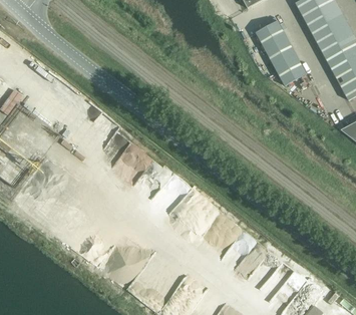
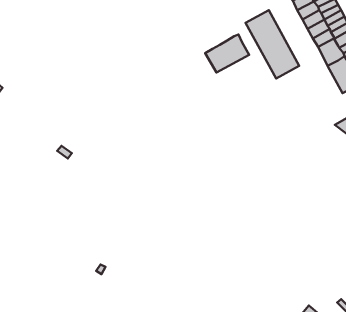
building: none -> [205,34,249,72]

